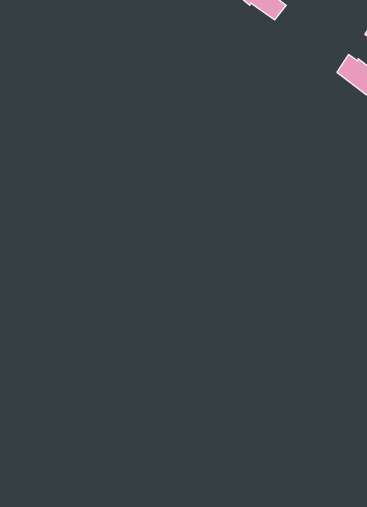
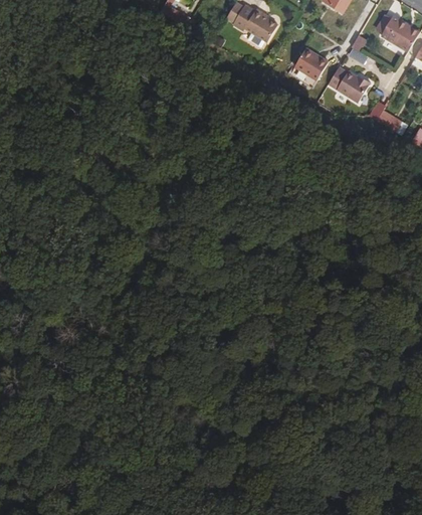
building: none -> [293,47,327,79]

